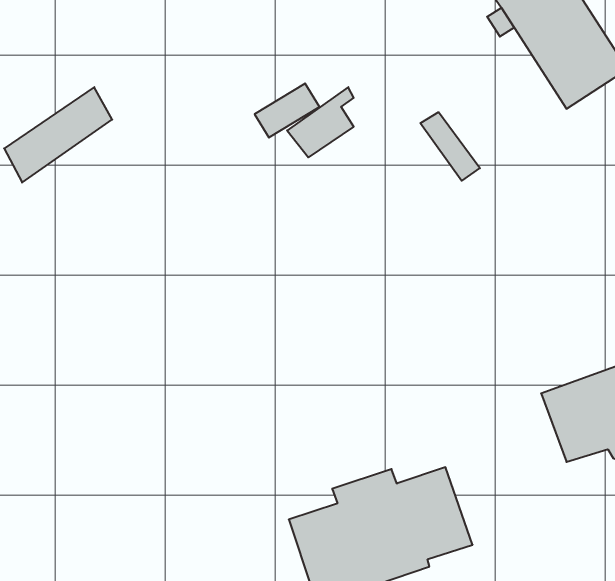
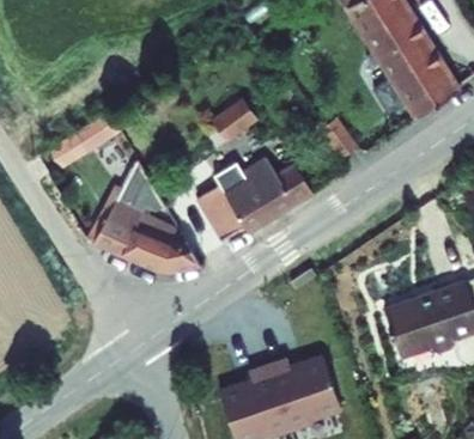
building: none -> [194,156,310,240]
building: none -> [89,182,192,270]

